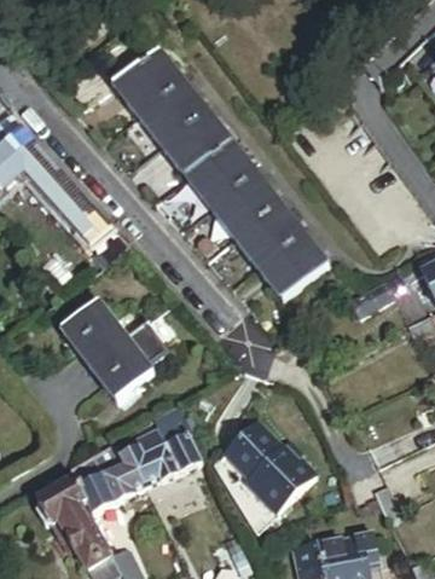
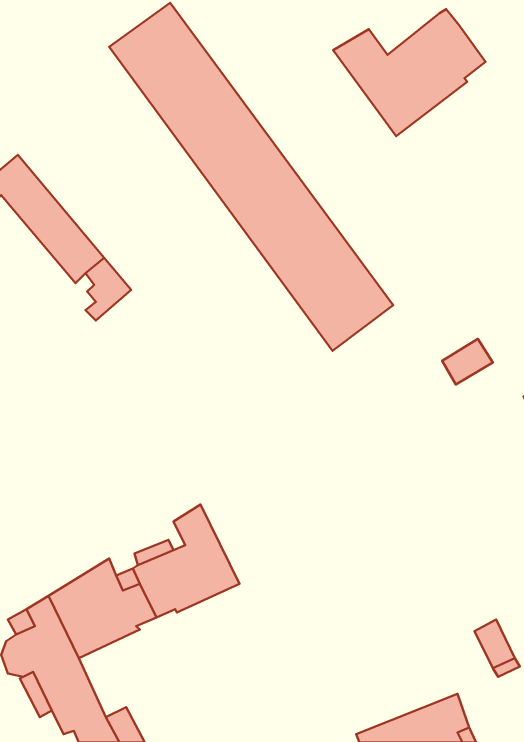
building: none -> [333,9,485,136]
building: [56,303,167,406] -> none
building: [221,422,313,515] -> none

